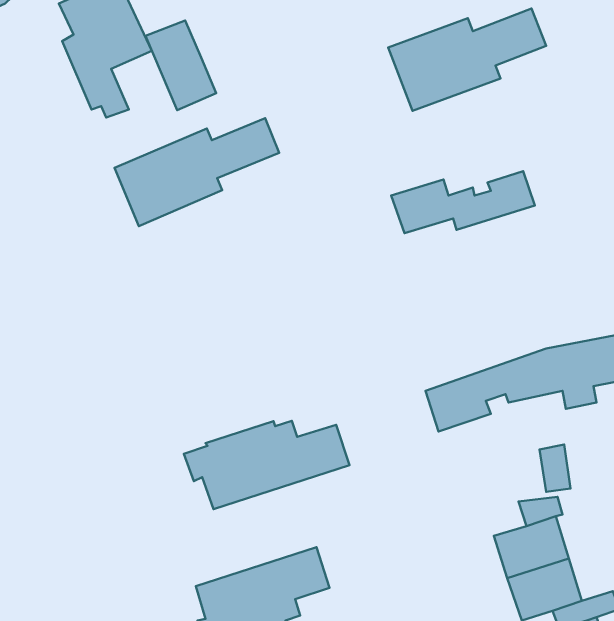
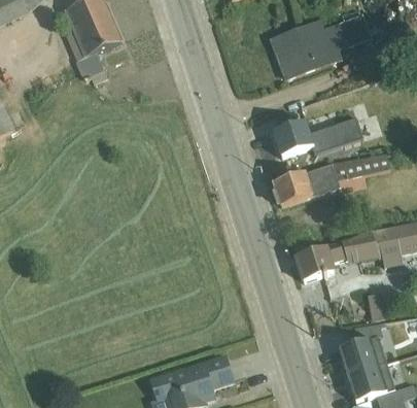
building: [145,20,216,110] -> none
building: [115,118,279,226] -> none
building: none -> [274,150,390,205]
building: [184,421,349,509] -> none

